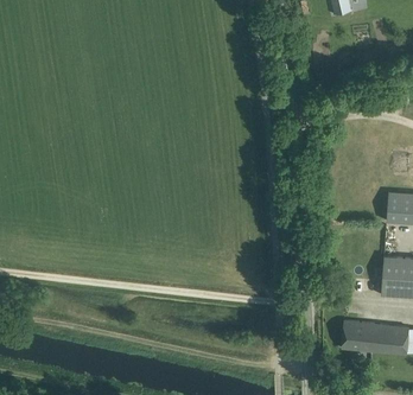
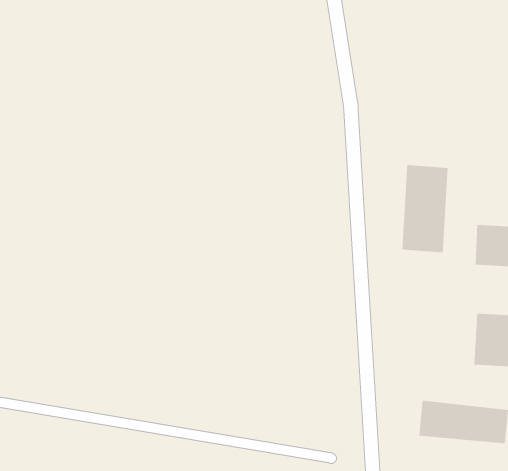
building: none -> [402,164,448,253]

